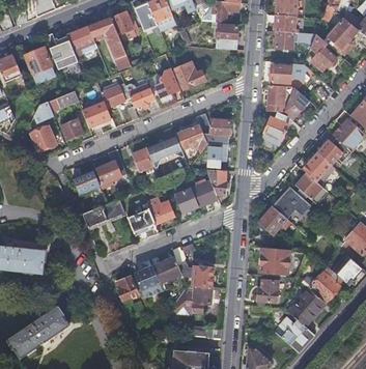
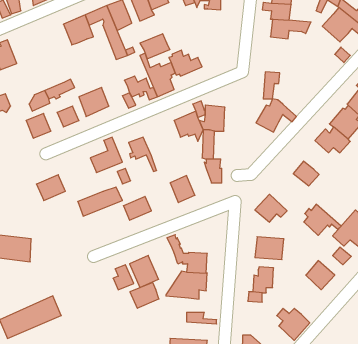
building: [210,21,236,49] -> none
building: [45,33,78,70] -> none
building: [309,33,334,74] -> none
building: [25,49,55,85] -> none
building: [270,63,303,82] -> none
building: [102,83,132,108] -> [140,34,170,59]
building: [282,87,309,120] -> none
building: [147,136,185,168] -> none
building: [304,152,333,181] -> none
building: [73,170,102,196] -> [36,175,65,201]
building: [191,180,218,207] -> none
building: [276,187,313,218] -> [304,204,341,235]
building: [146,196,175,225] -> none
building: [152,258,181,284] -> [130,282,159,308]
building: [289,289,326,327] -> none

